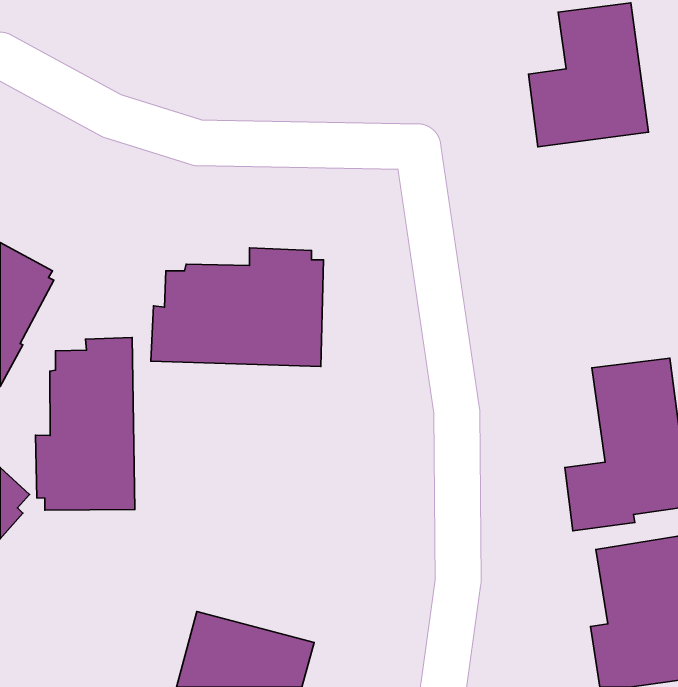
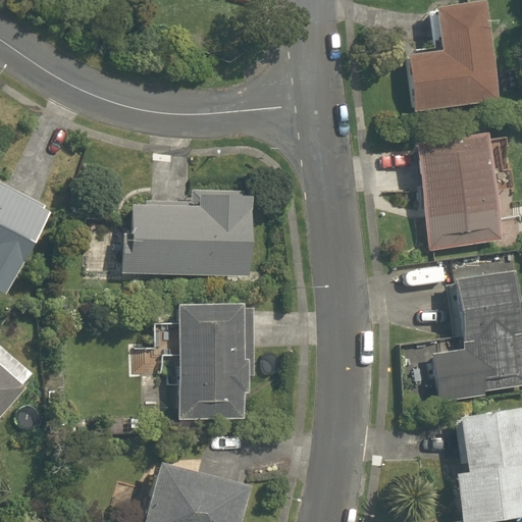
building: none -> [415,134,503,252]
building: [35,338,135,510] -> none
building: none -> [164,304,259,418]

